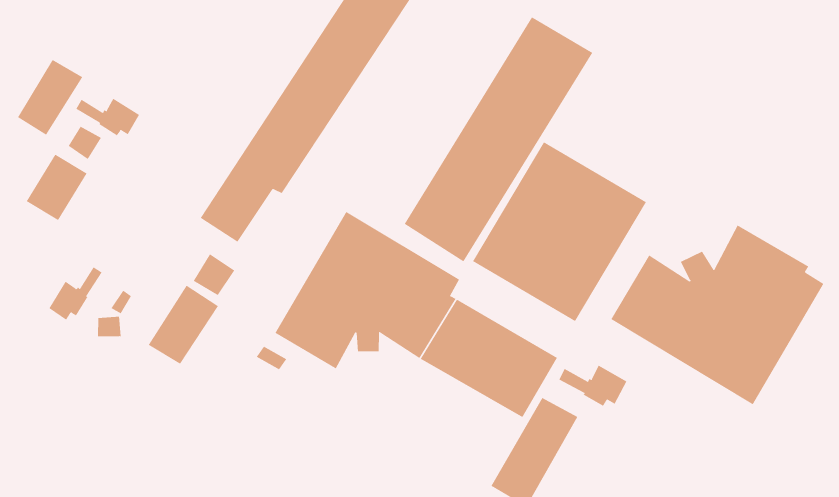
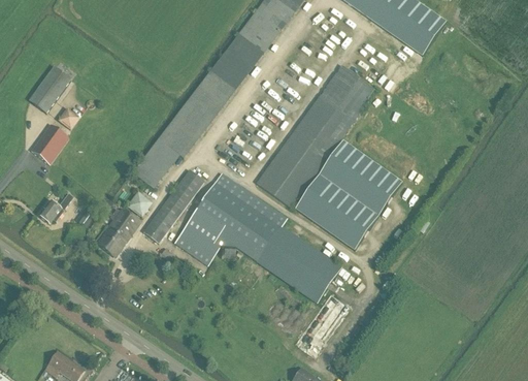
building: [75,98,140,136] -> none
building: none -> [142,168,203,242]
building: [610,225,824,405] -> none
building: [558,365,627,407] -> none

